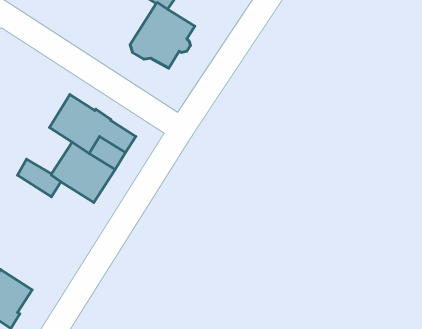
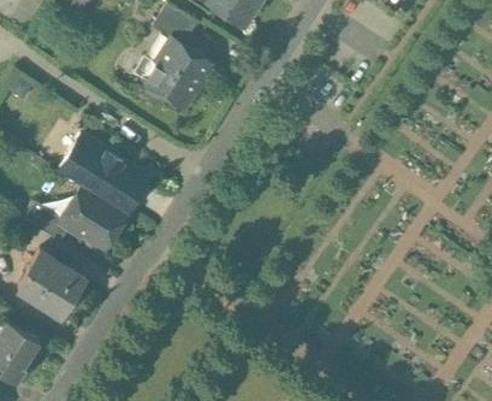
building: none -> [18,249,85,317]

